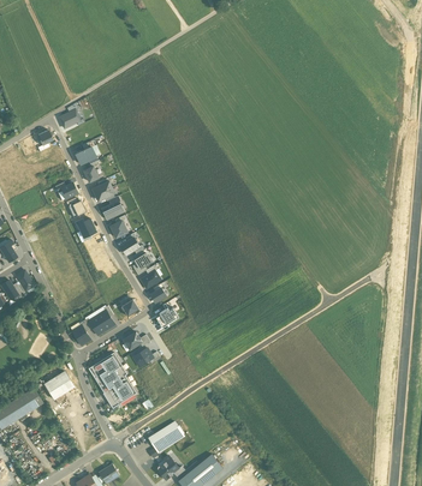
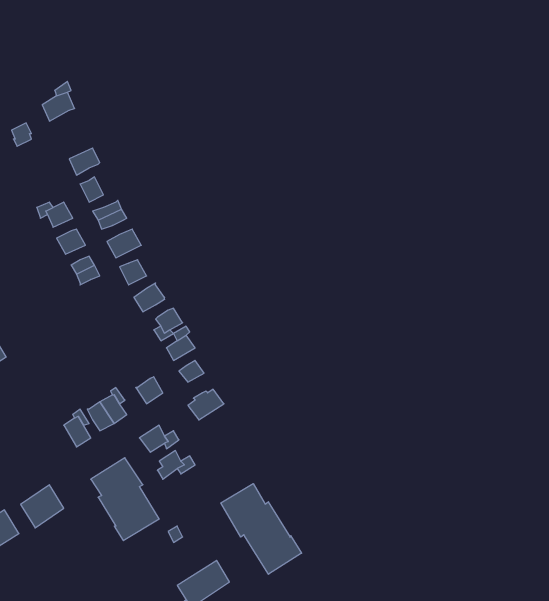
building: none -> [221,484,302,574]

